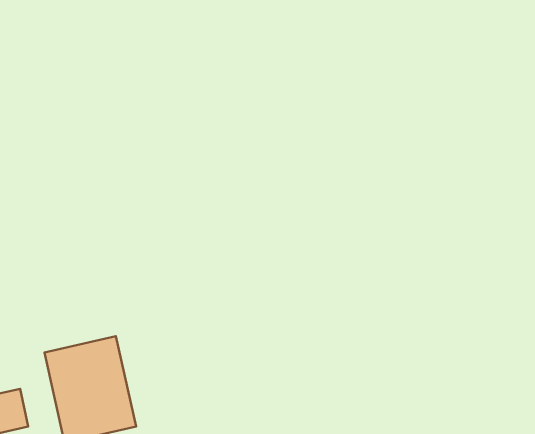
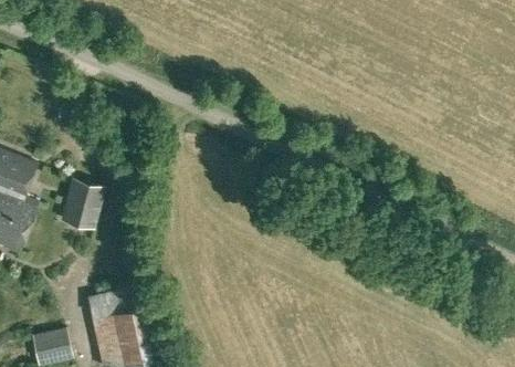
building: none -> [60,176,105,228]

